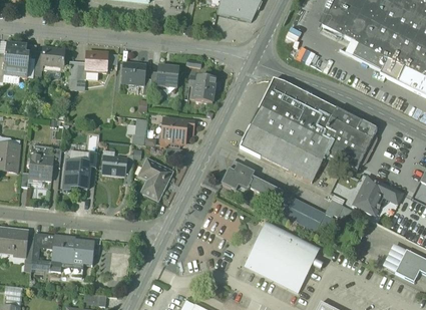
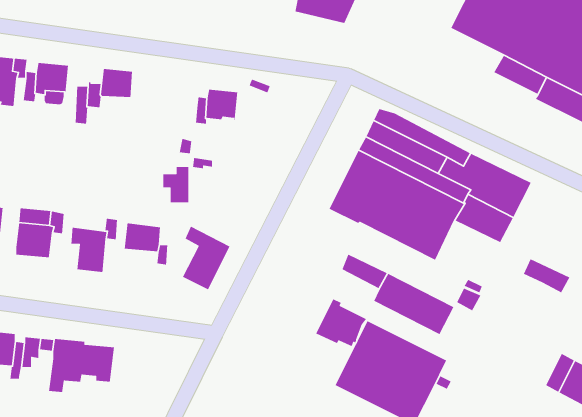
building: [121,60,146,83] -> none
building: [187,74,220,101] -> none
building: [162,117,193,141] -> none
building: [221,158,256,191] -> [315,298,367,347]
building: [353,176,384,213] -> none

